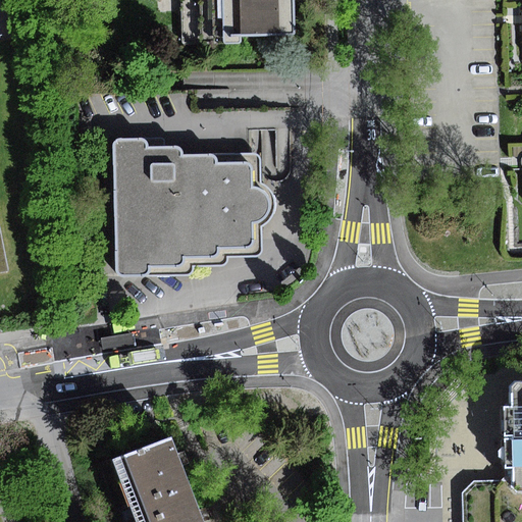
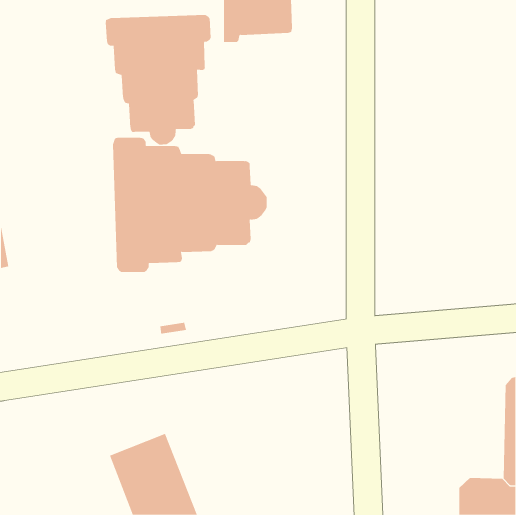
building: none -> [105,14,211,145]

